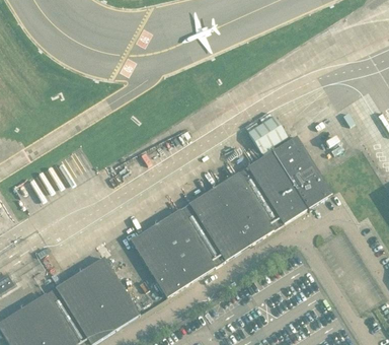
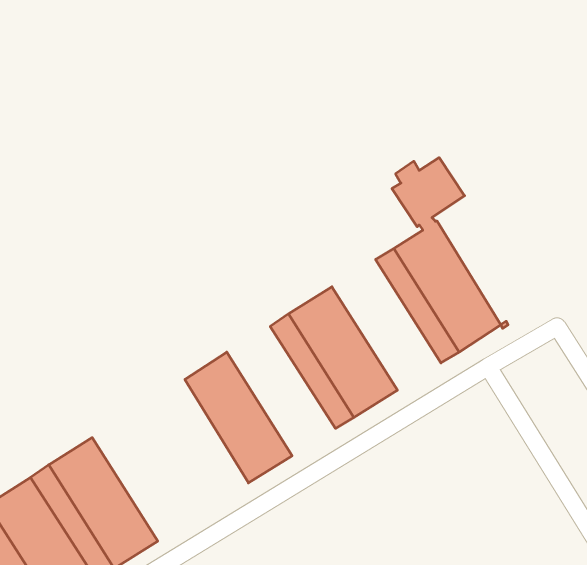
building: [273,135,332,208] -> none
building: [214,171,275,245] -> none
building: [155,209,216,281] -> none
building: [80,256,140,329] -> none

